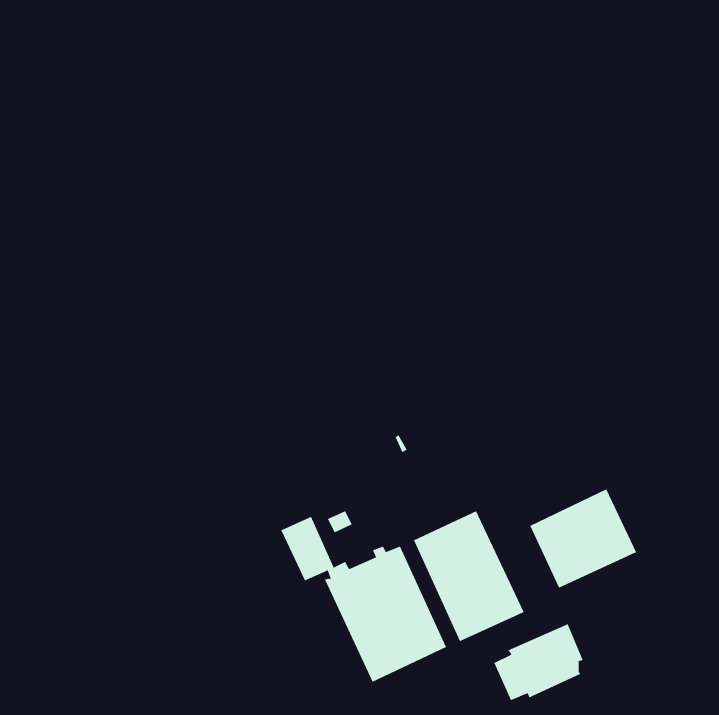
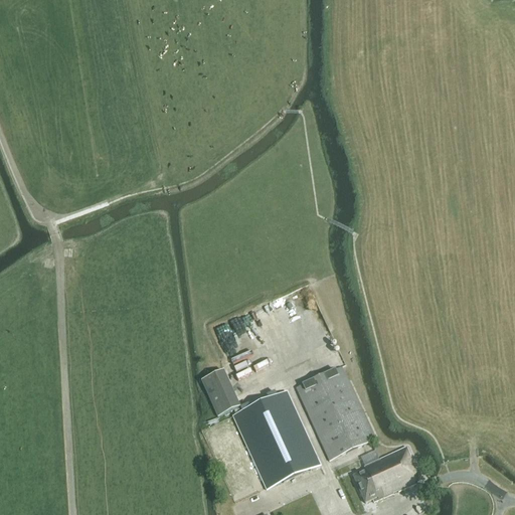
building: [529,489,637,588] -> none

